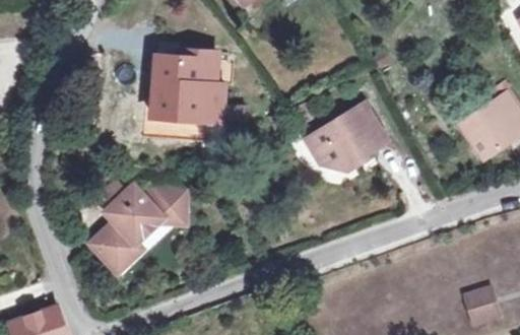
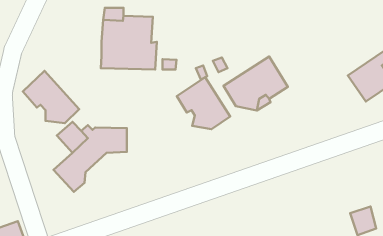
building: none -> [23,71,79,123]
building: none -> [177,77,230,129]

